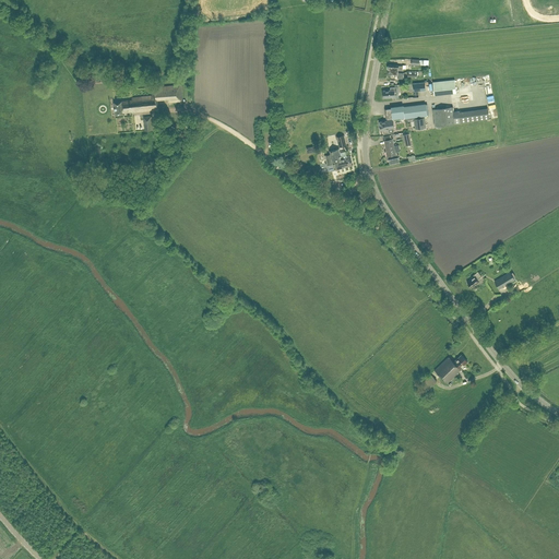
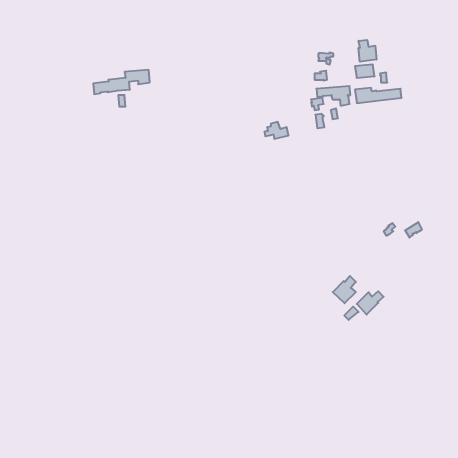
building: none -> [359,40,376,62]
building: none -> [333,276,356,303]

